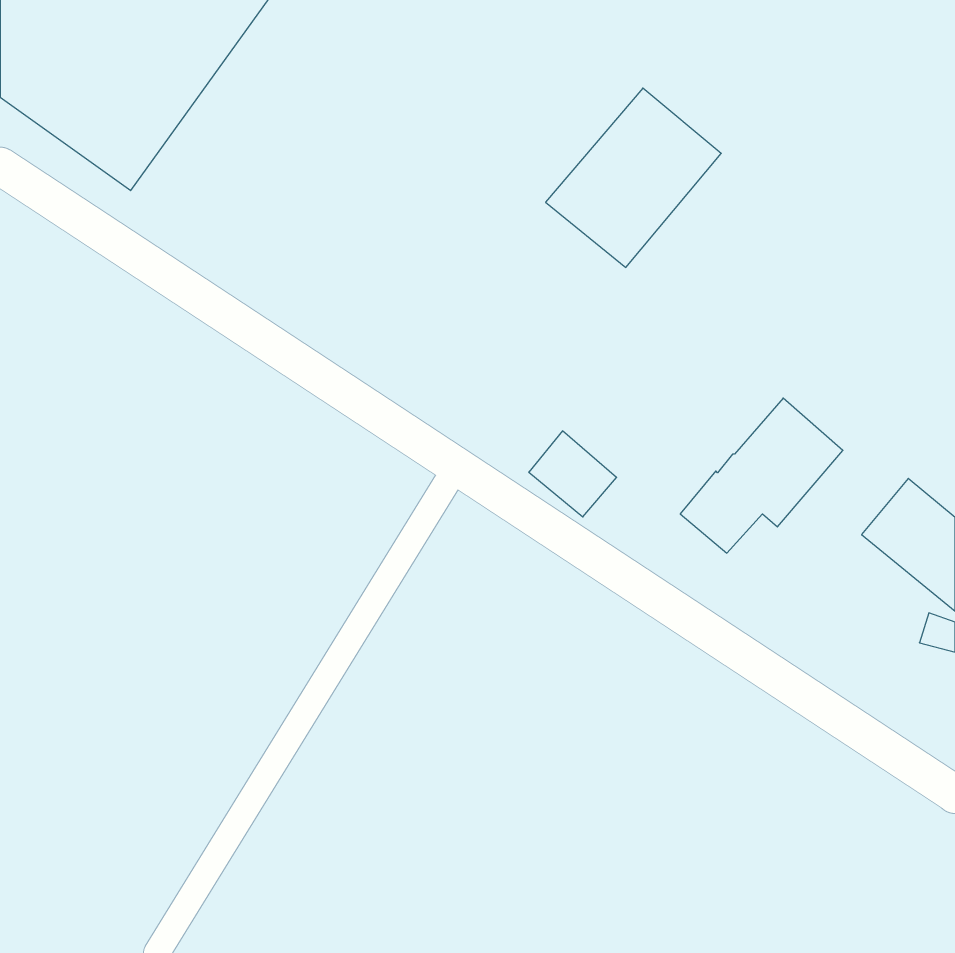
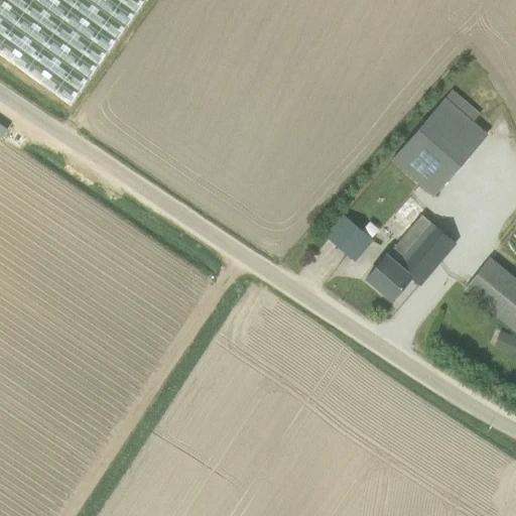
building: [546,88,721,267] -> [392,98,487,195]
building: [529,431,617,517] -> [326,214,373,260]

